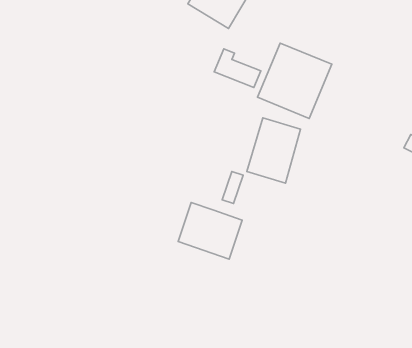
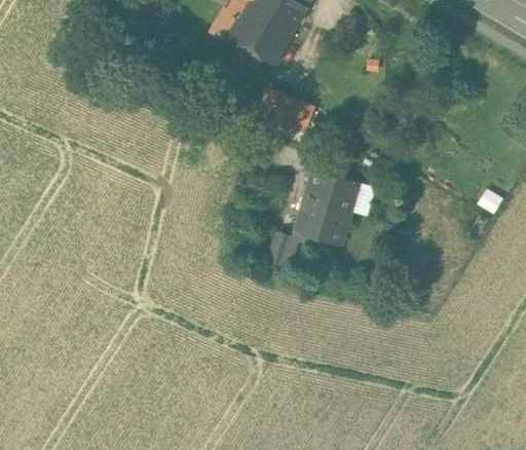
building: [258,43,332,118] -> none
building: [178,202,242,259] -> none

